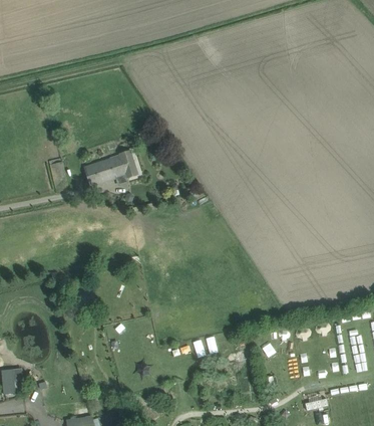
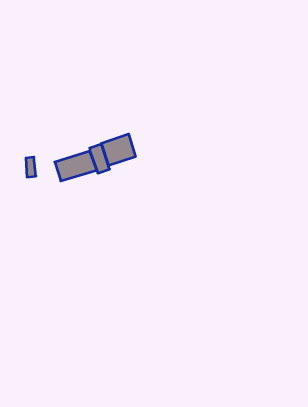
building: none -> [101,134,135,166]

